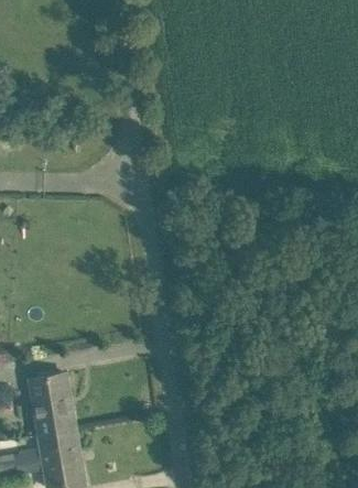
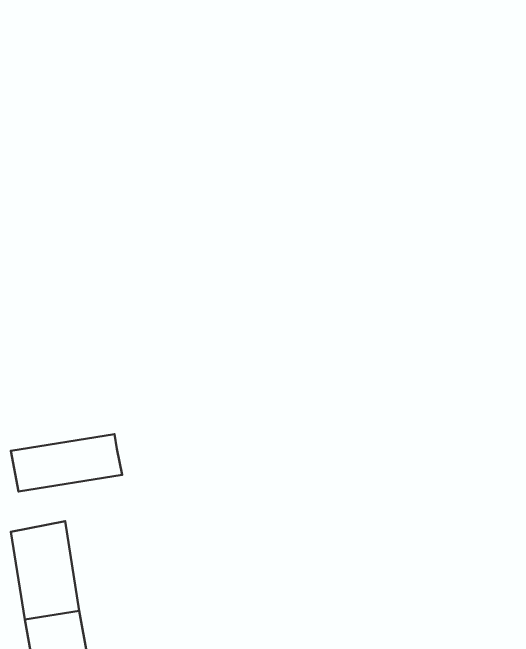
building: none -> [11,434,122,491]

